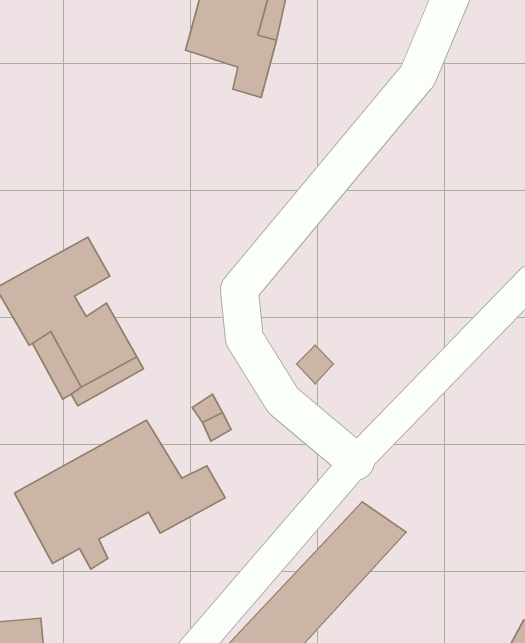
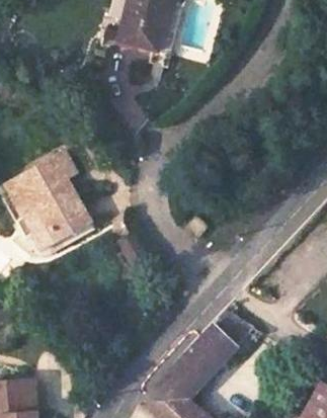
building: [14,420,225,569] -> none

